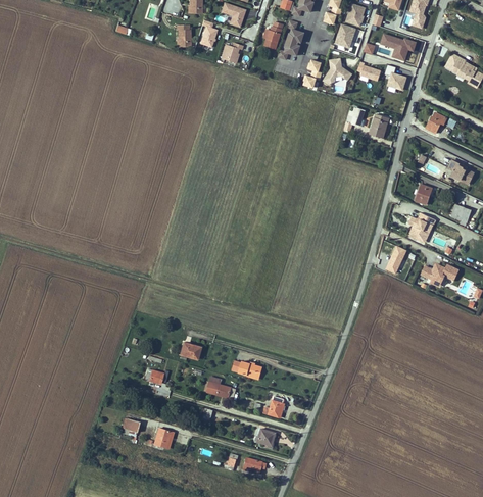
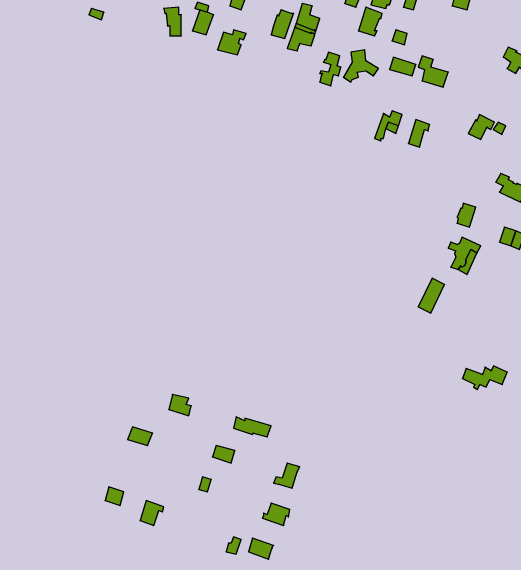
building: [381,34,418,59] -> none
building: [421,264,457,284] -> [462,366,507,390]

